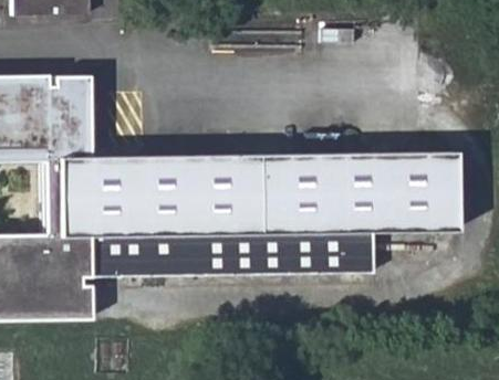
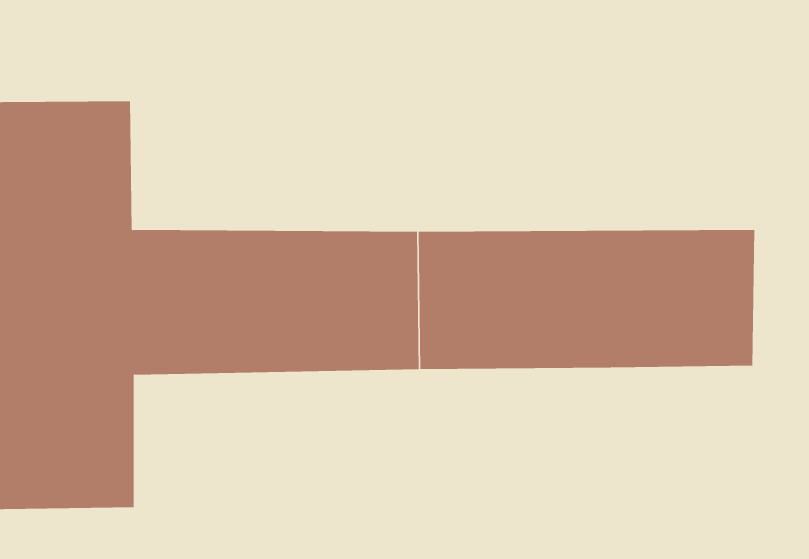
building: [91,234,375,276] -> none

